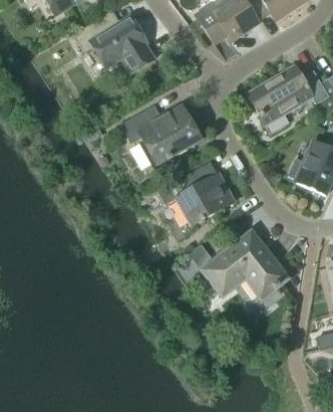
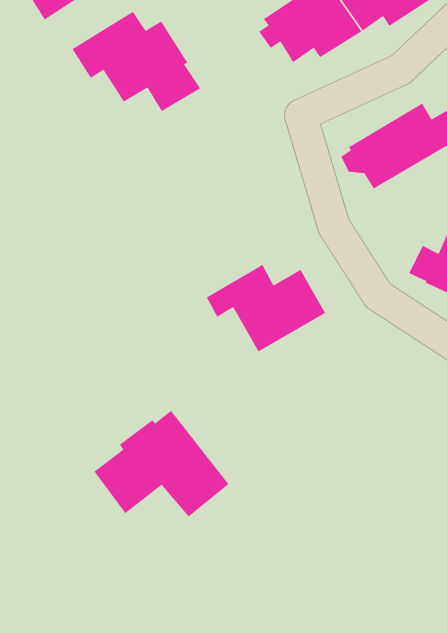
building: [122,106,201,164] -> none
building: [203,229,289,297] -> [94,410,230,517]

